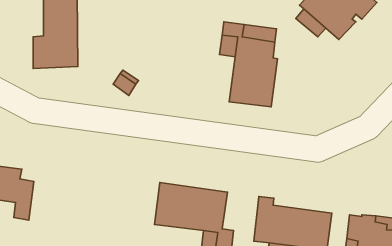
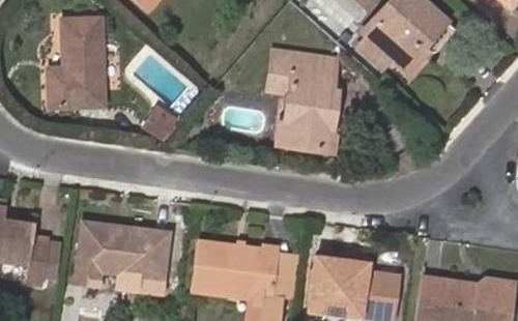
building: none -> [75,225,169,293]
building: none -> [271,251,297,297]

